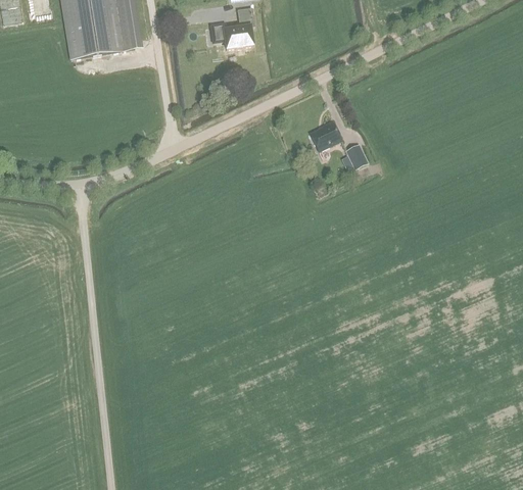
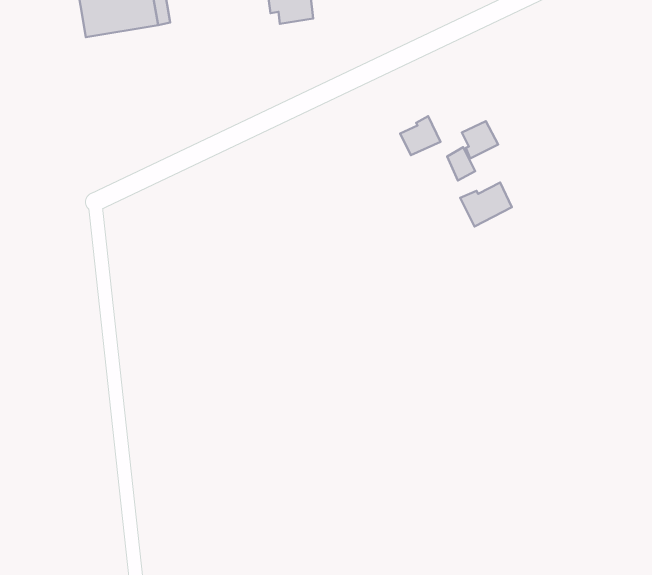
building: none -> [462,121,498,158]
building: none -> [460,182,512,226]

